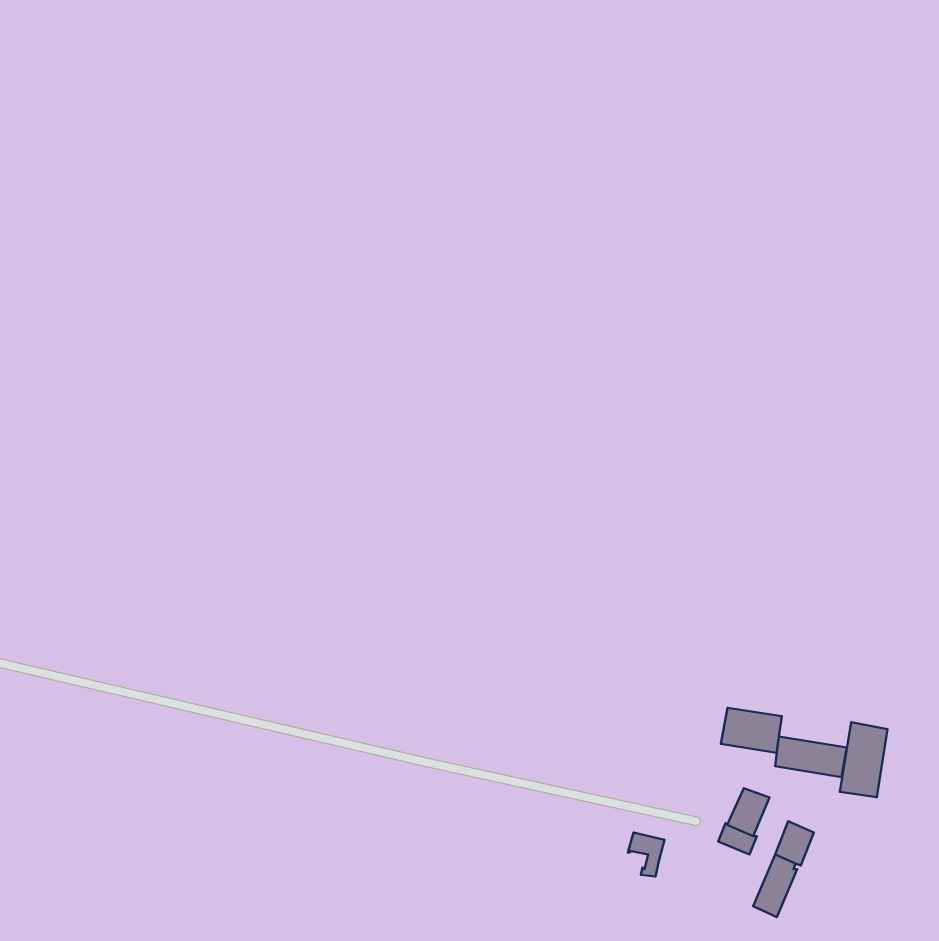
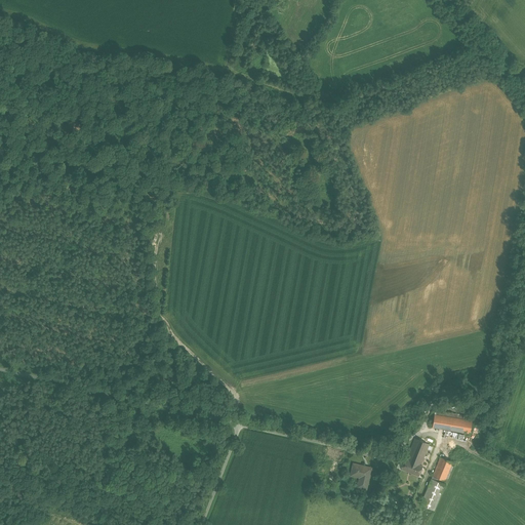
building: [721,708,782,753] -> none
building: [840,722,888,797] -> none

